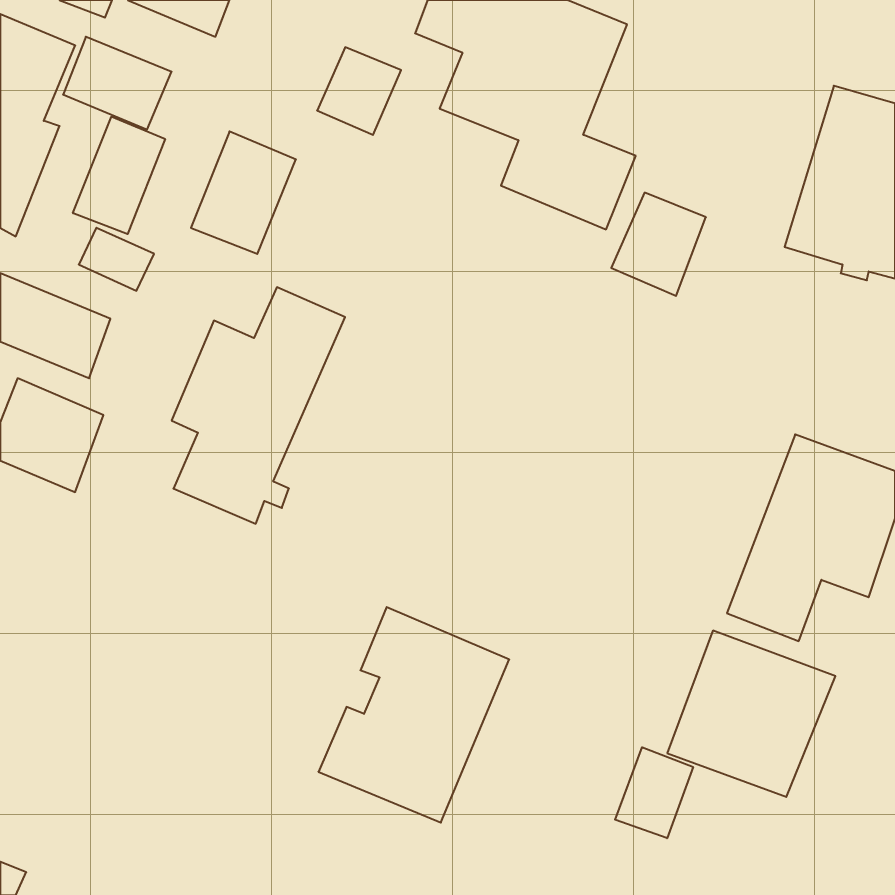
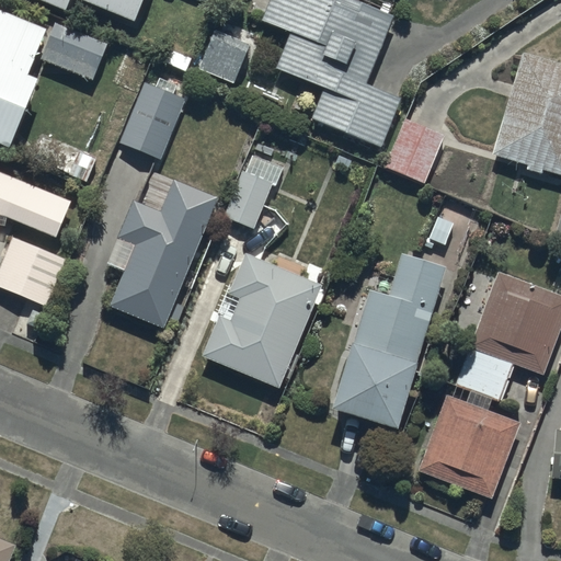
building: [73,117,165,234] -> none
building: none -> [225,171,274,229]
building: none -> [330,253,445,433]
building: [318,607,509,823] -> [203,253,322,388]
building: [615,747,693,838] -> none

